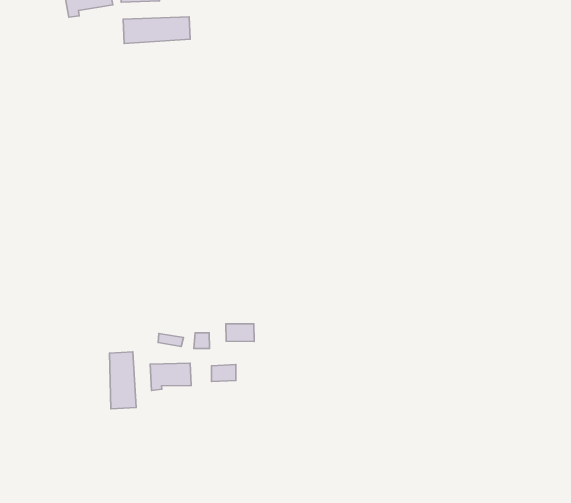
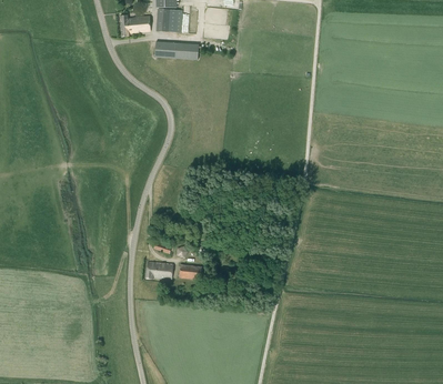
building: [109,352,136,409] -> none

